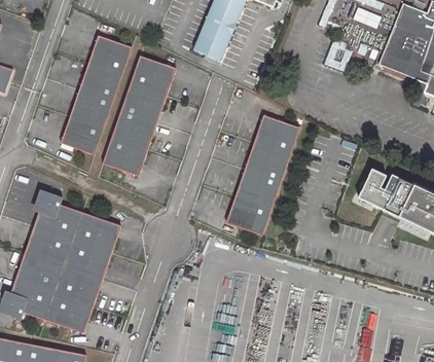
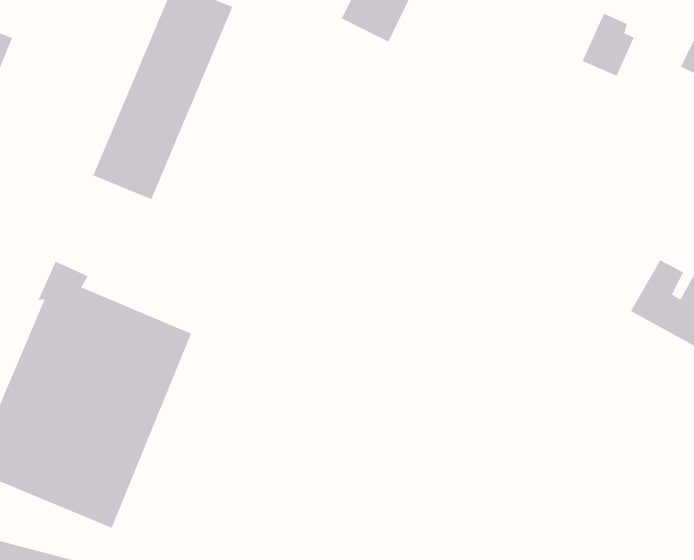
building: [103,56,177,175] -> none
building: [226,115,299,234] -> none

